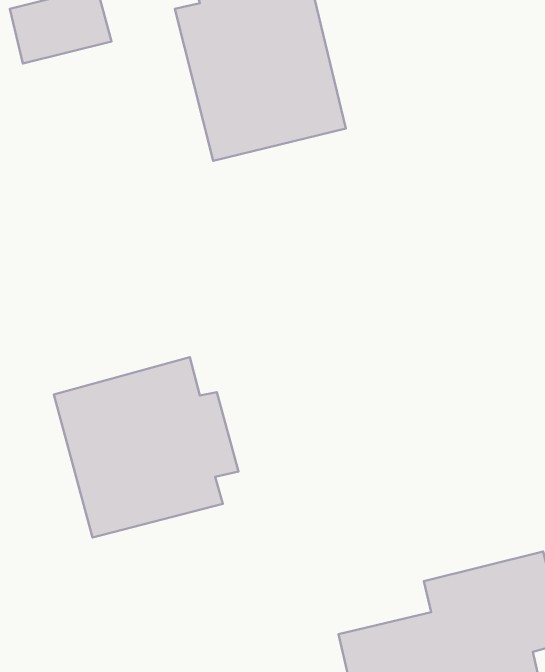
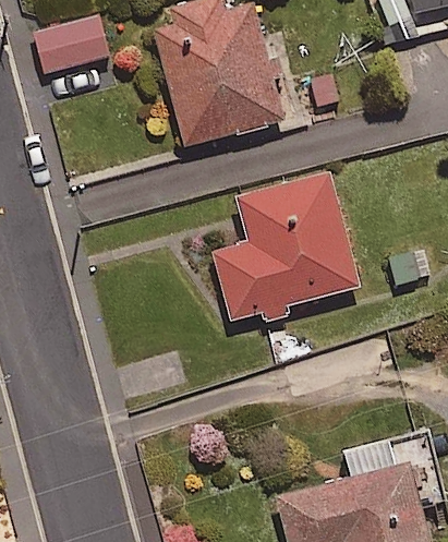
building: none -> [213,172,358,325]
building: [54,357,238,537] -> none

